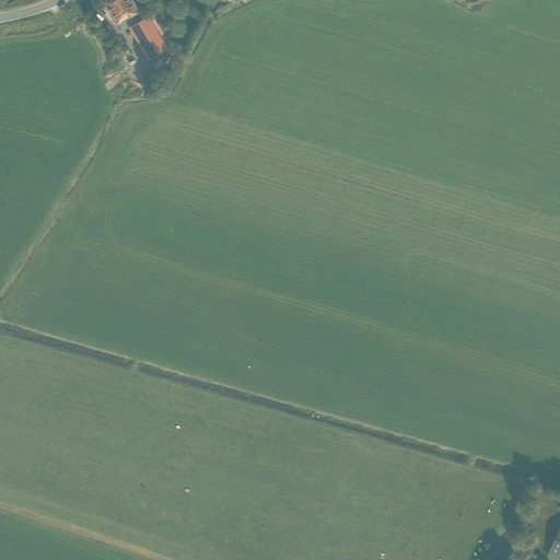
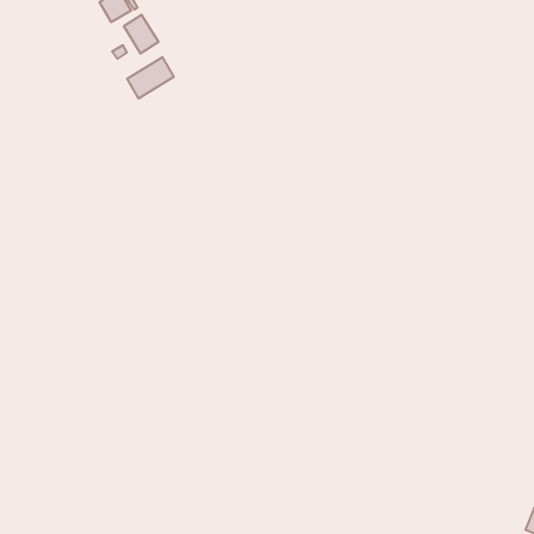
building: none -> [127,57,174,98]

